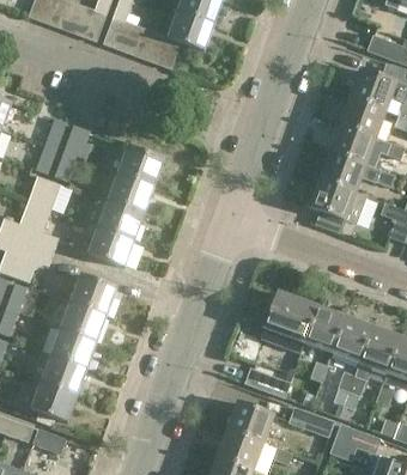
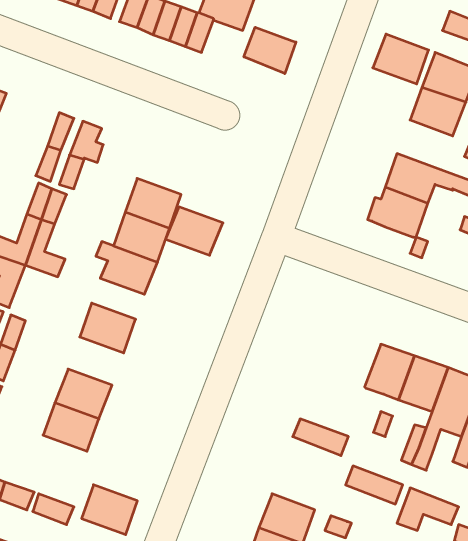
building: none -> [244,27,296,74]
building: [329,123,375,164] -> [373,34,429,84]
building: [117,145,164,184] -> [166,207,223,255]
building: [13,242,53,282] -> none
building: [261,290,316,352] -> none
building: [61,300,107,340] -> none
building: [31,380,77,421] -> [82,485,137,535]
building: [227,401,273,441] -> none

